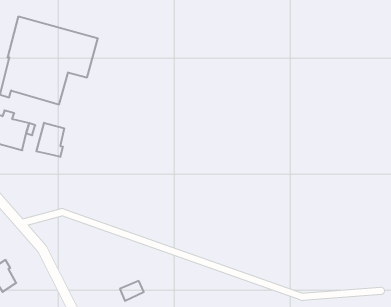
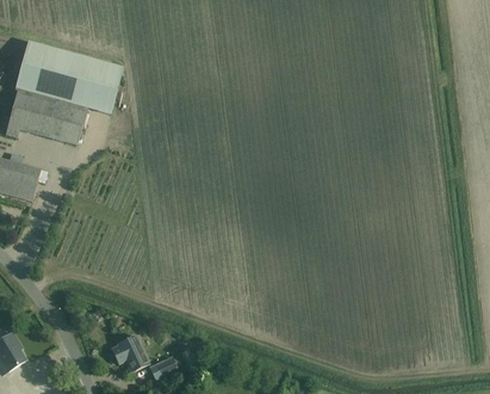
building: [36,123,64,157] -> none
building: none -> [111,335,149,371]

